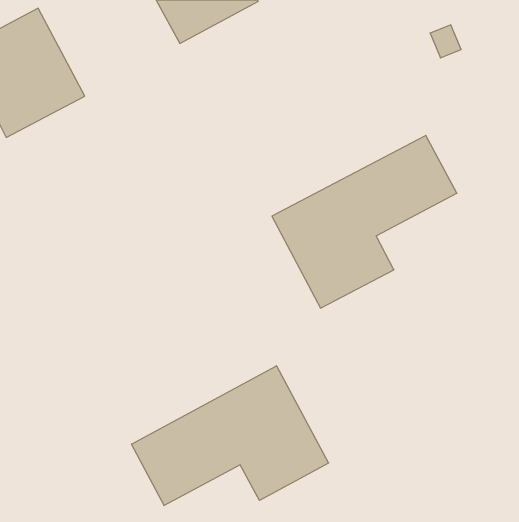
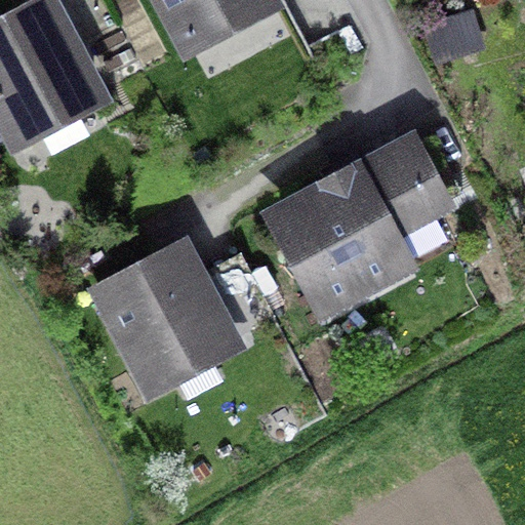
building: none -> [96,258,266,389]
building: [131,366,329,506] -> none

